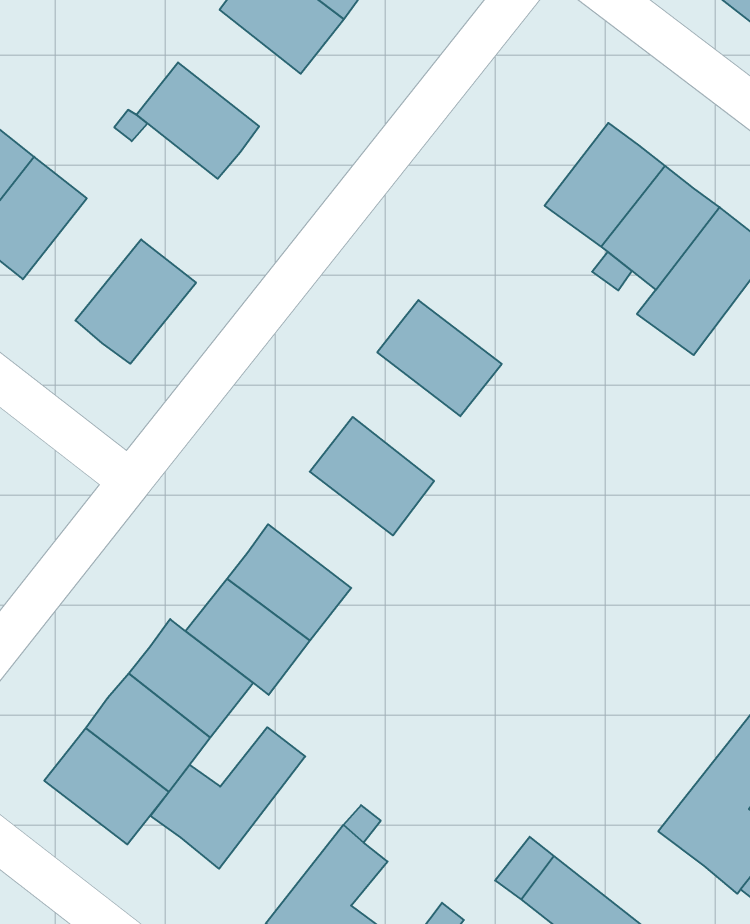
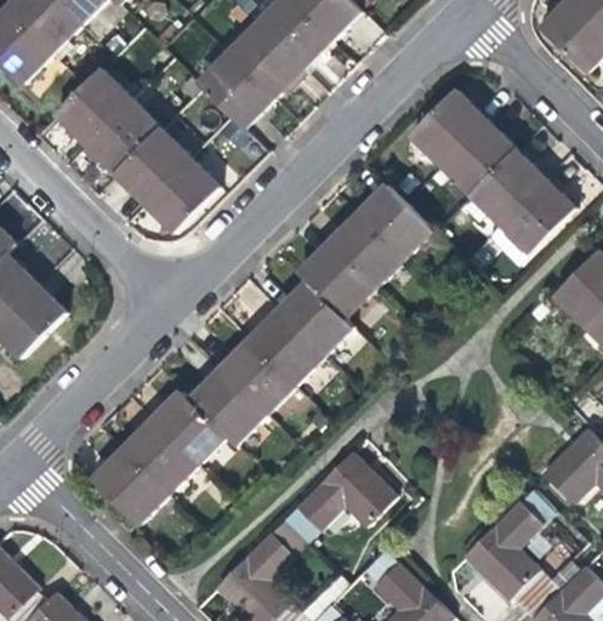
building: none -> [226,22,300,96]
building: none -> [409,90,484,165]
building: none -> [115,127,190,201]
building: none -> [355,183,432,258]
building: none -> [298,243,372,317]
building: none -> [248,310,323,384]
building: none -> [298,450,398,529]
building: [150,727,305,869] -> none

